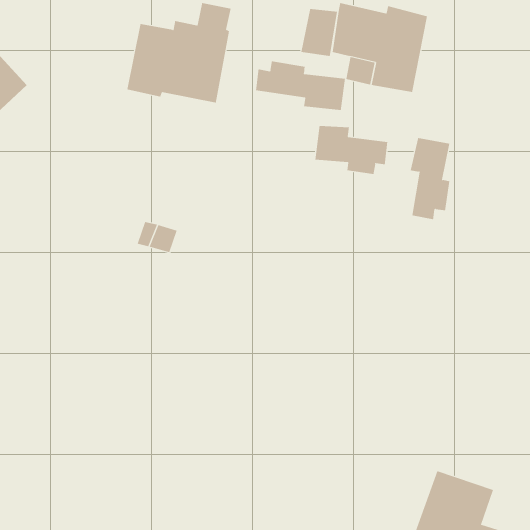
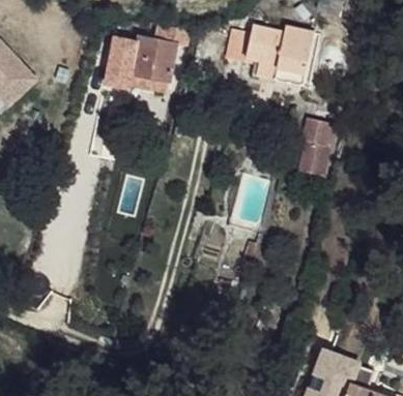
building: [256,60,345,111] -> none
building: [315,125,388,175] -> none

